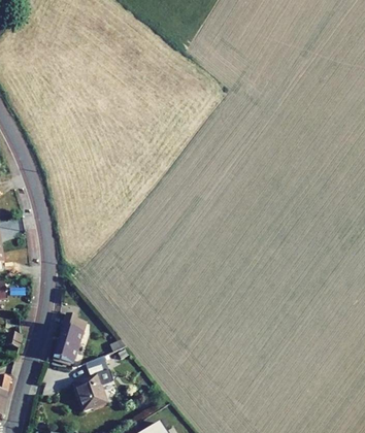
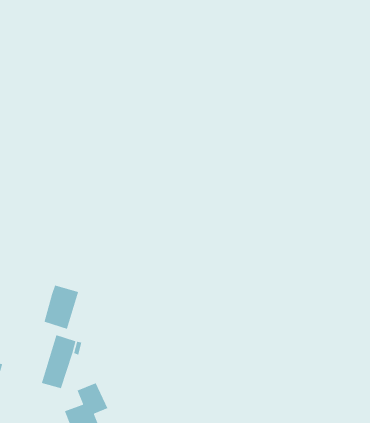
building: none -> [43,285,79,330]

